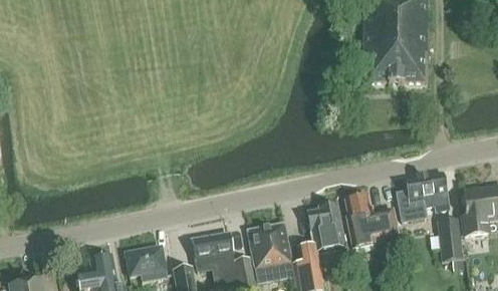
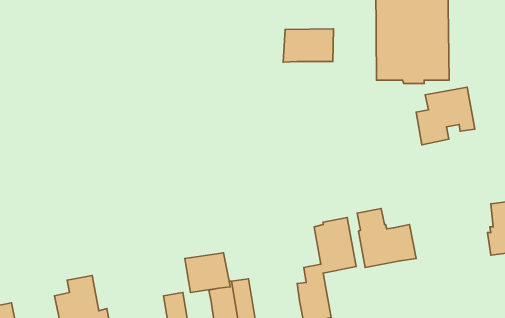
building: none -> [283,29,333,62]
building: [397,170,449,221] -> [416,87,475,145]
building: [438,216,464,260] -> none
building: [248,220,295,281] -> none
building: [128,244,166,280] -> none

